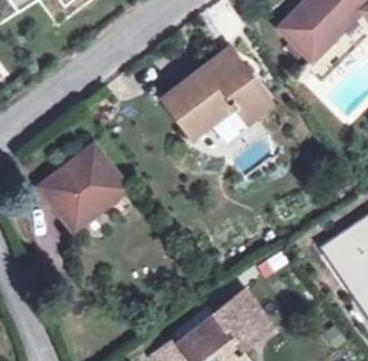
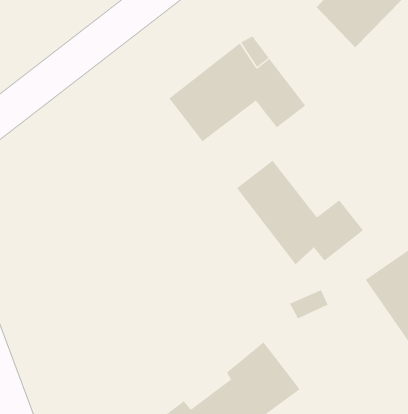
building: [39,146,126,233] -> none
building: none -> [236,160,364,265]

